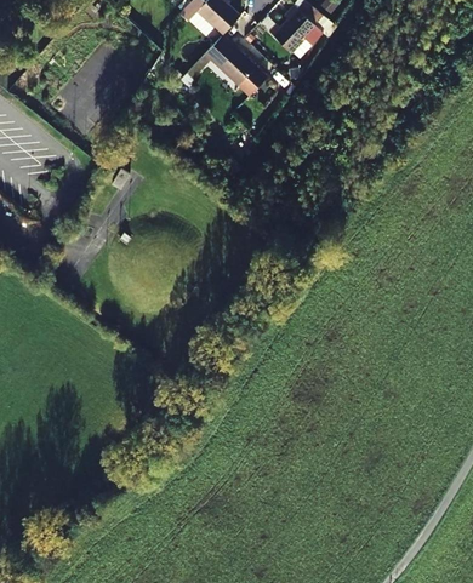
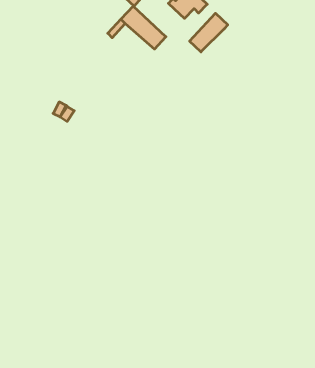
building: none -> [190,13,228,52]

